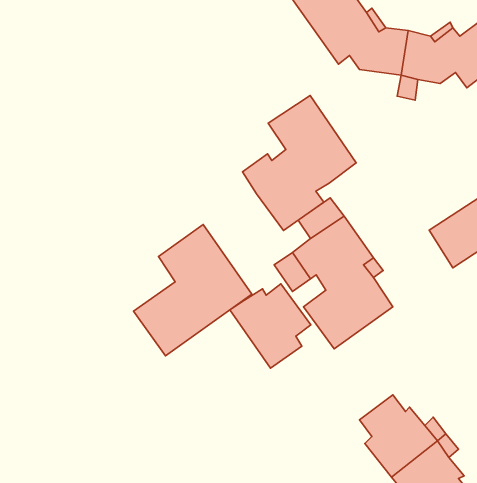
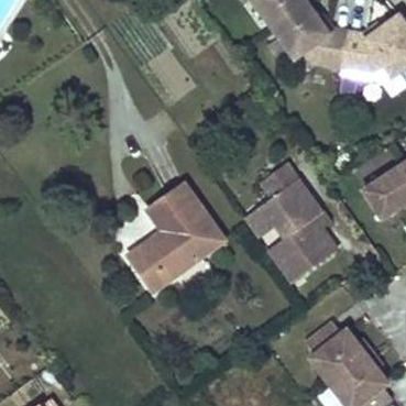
building: [242,95,356,231] -> none
building: [230,284,311,368] -> none

